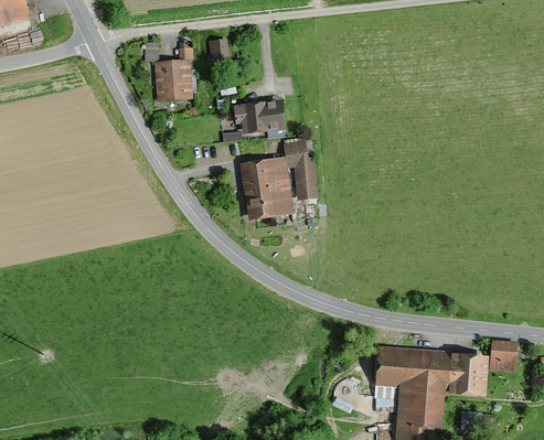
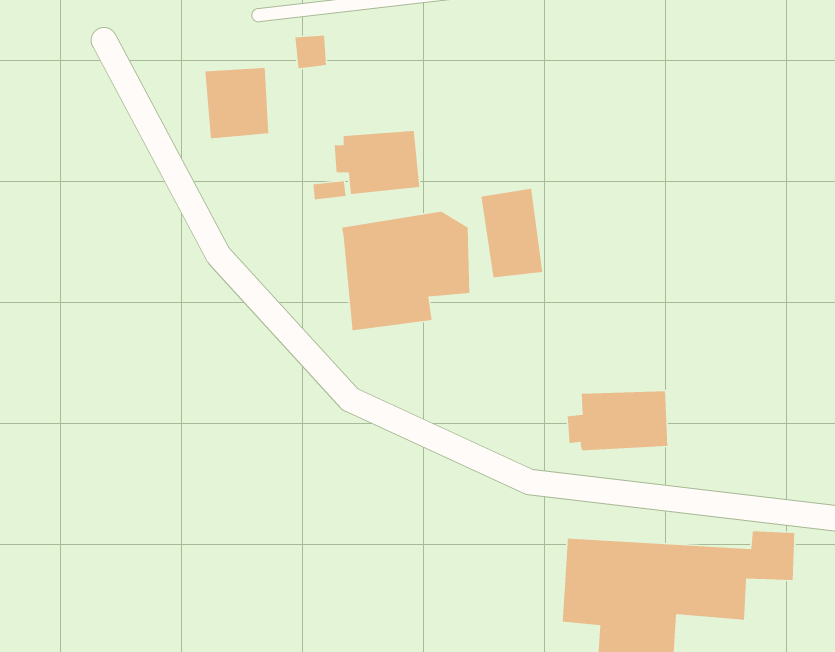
building: none -> [481,188,543,278]
building: none -> [567,391,668,451]

